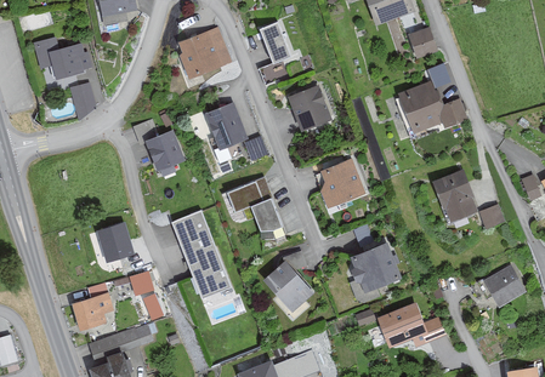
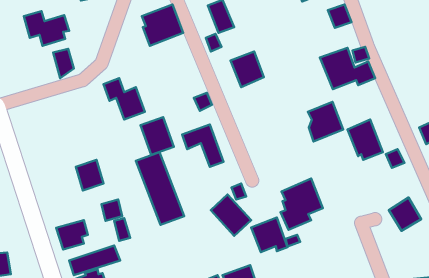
building: [206,102,248,148] -> [140,117,174,155]
building: [319,159,363,207] -> [308,102,343,141]
building: [384,305,428,348] -> [251,218,288,252]

